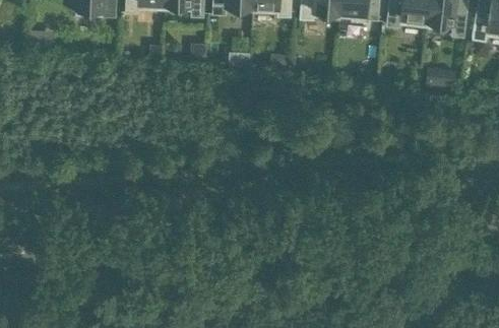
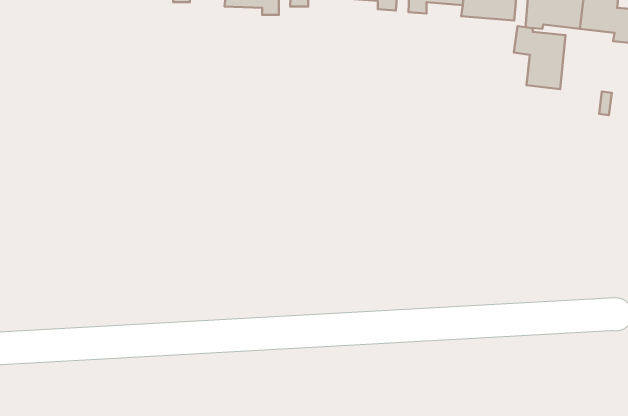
building: none -> [514,26,566,89]

